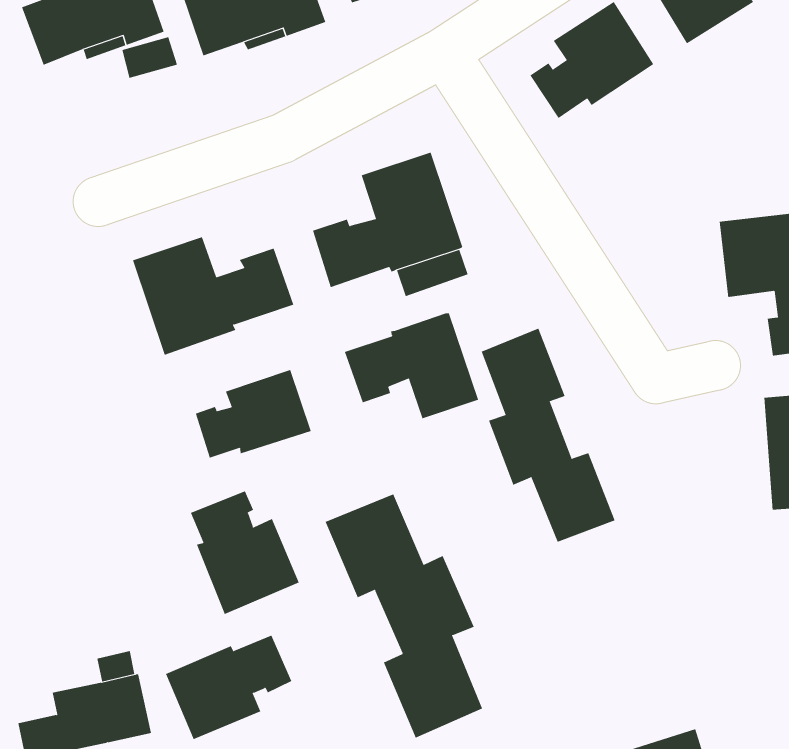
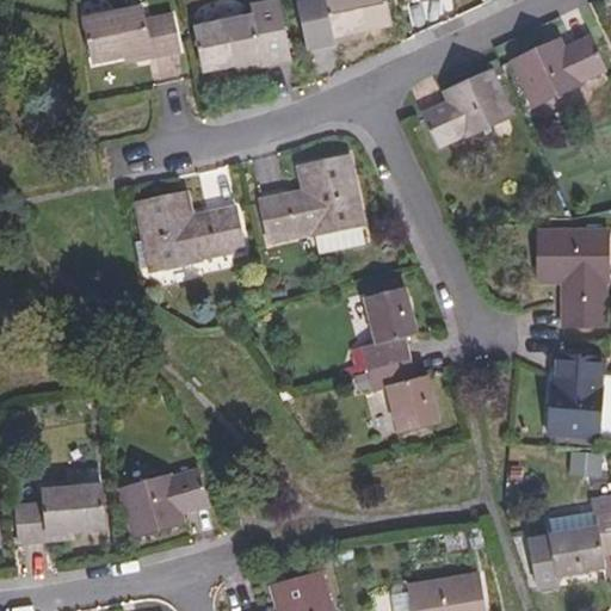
building: [344,312,479,419] -> none
building: [195,369,311,459] -> none
building: [190,491,300,615] -> none
building: [325,494,483,739] -> none

